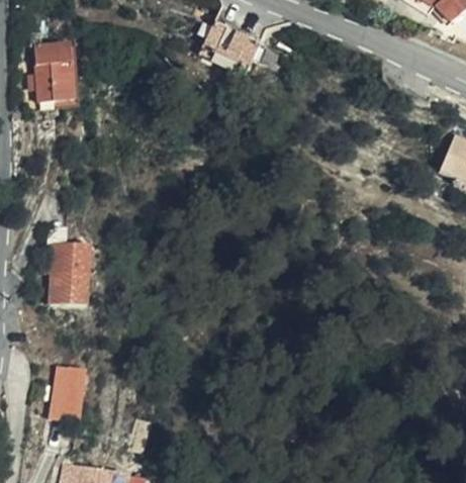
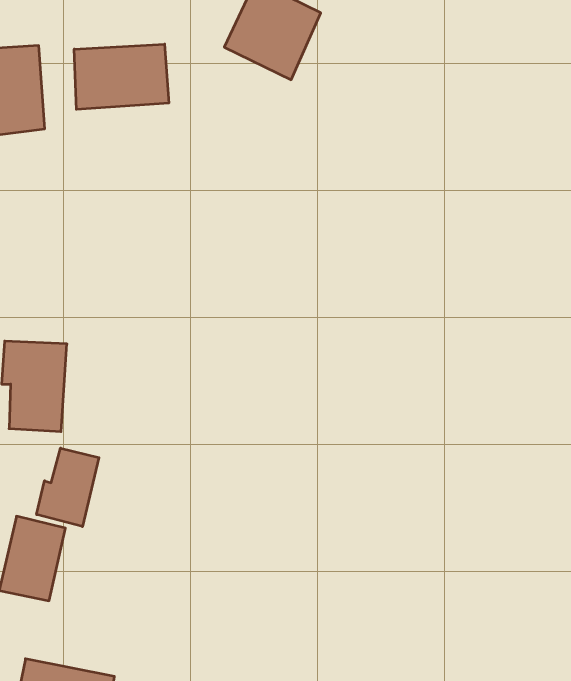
building: none -> [74,44,169,109]
building: none -> [37,448,99,527]

